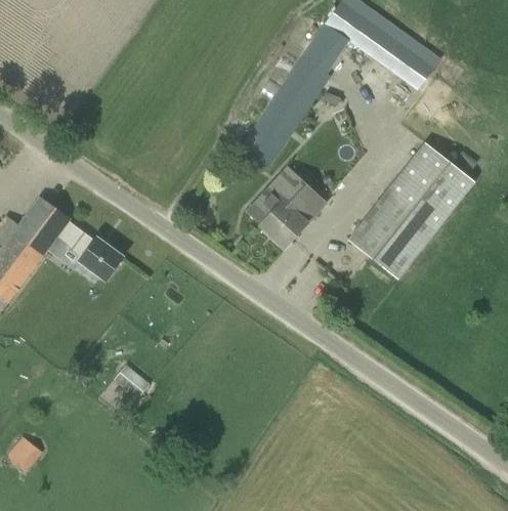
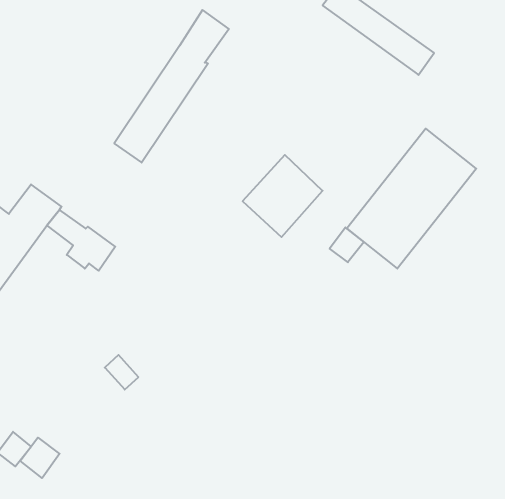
building: [239,22,350,170] -> [114,10,229,163]
building: none -> [330,227,364,262]
building: none -> [20,438,60,478]

